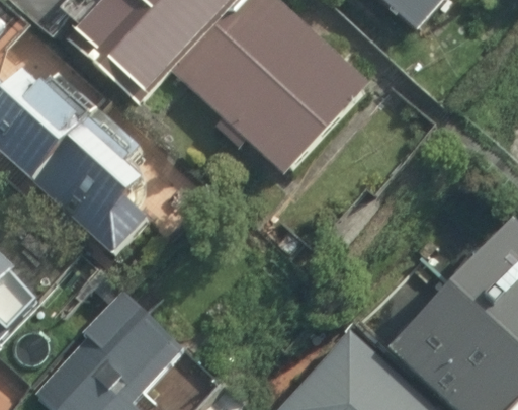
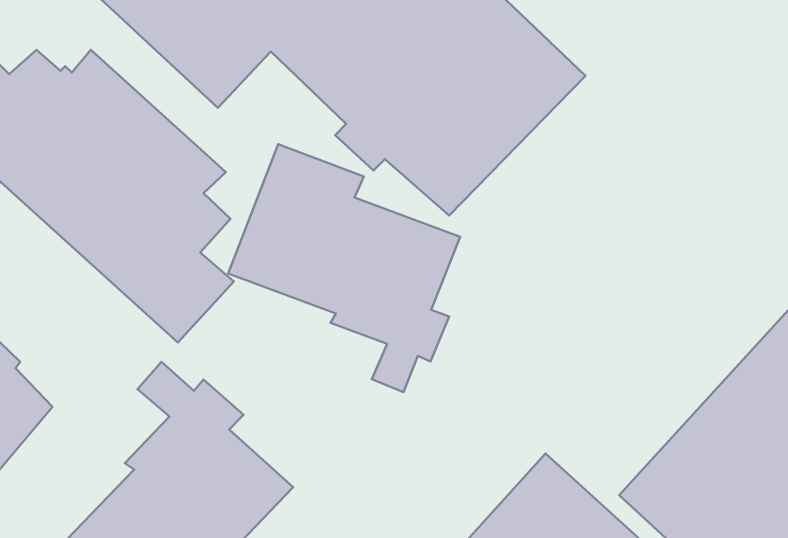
building: none -> [228,144,460,392]

